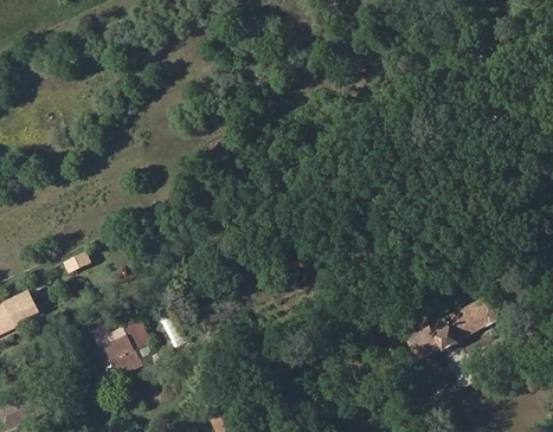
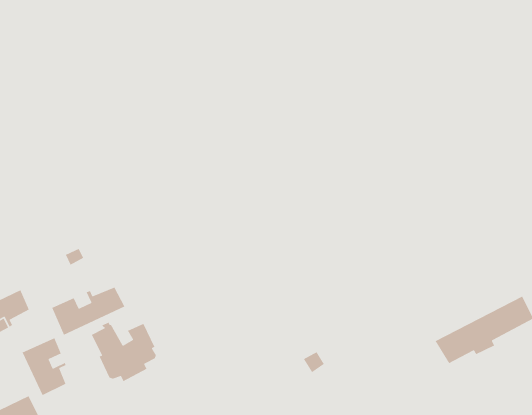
building: none -> [51,286,125,336]
building: none -> [21,337,66,396]

